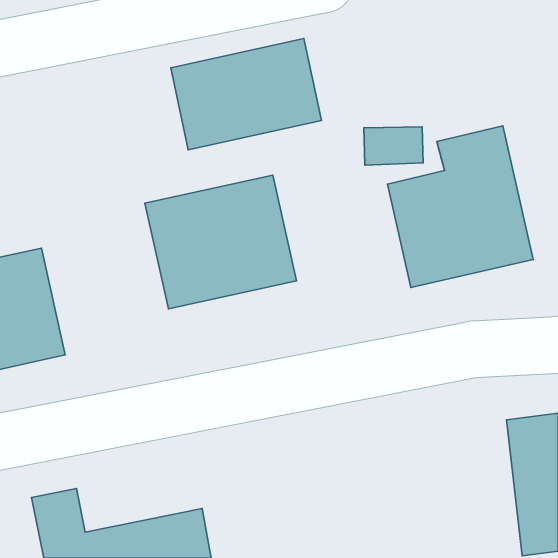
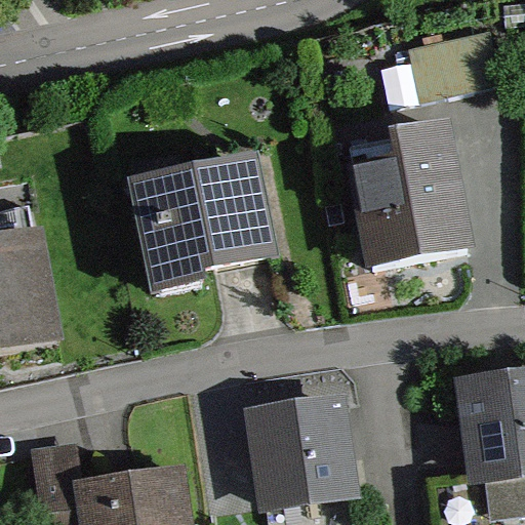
building: [171,39,322,150] -> none
building: none -> [243,399,352,506]

